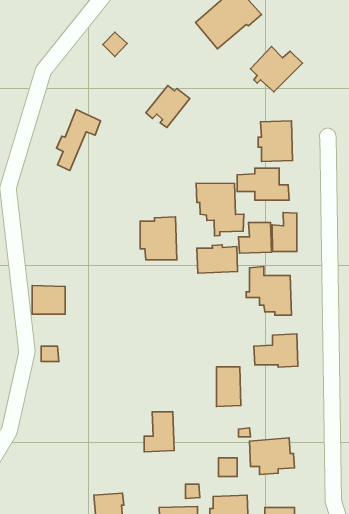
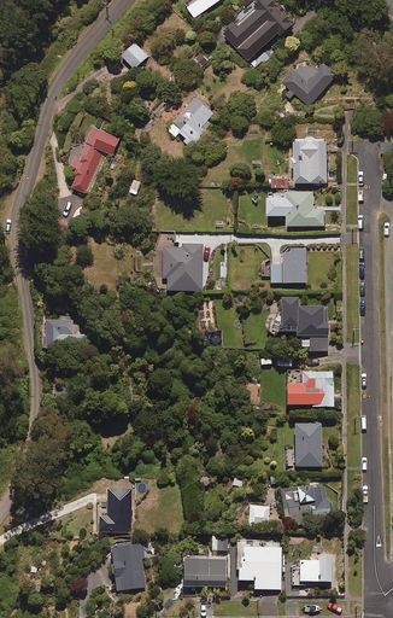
building: [196,183,244,236] -> none
building: [272,212,297,252] -> none
building: [197,245,238,273] -> none
building: [217,367,241,407] -> [294,424,321,467]
building: [144,412,174,452] -> [98,489,130,532]

